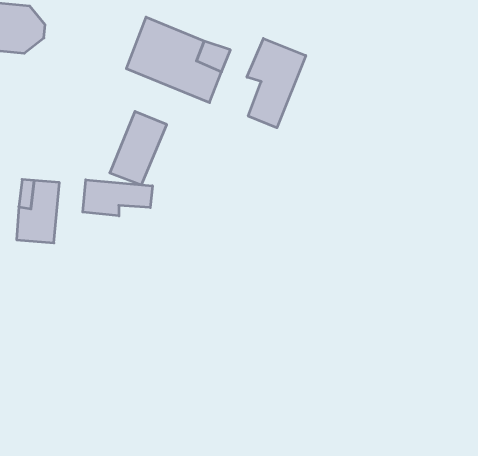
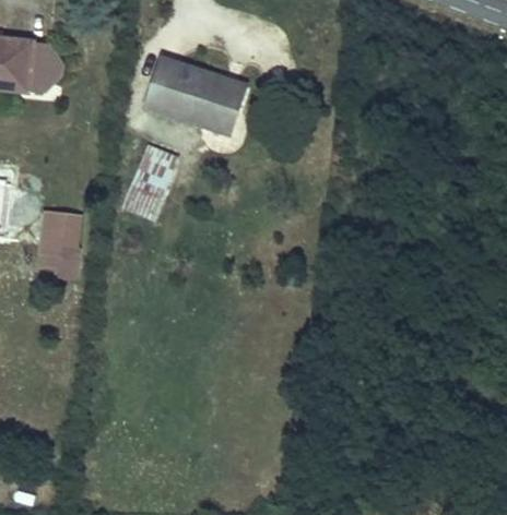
building: [247,38,306,128] -> none
building: [83,180,152,216] -> none

